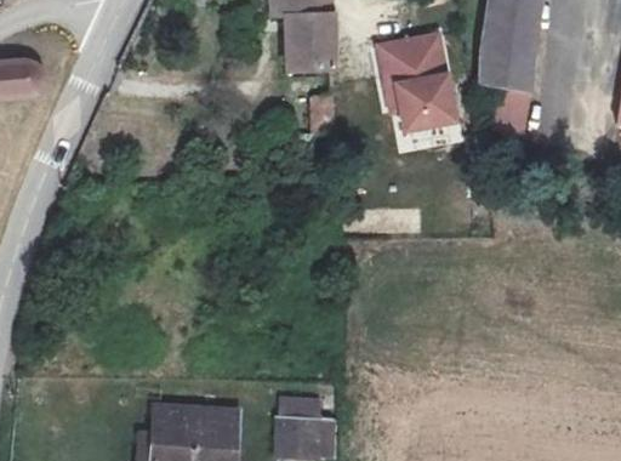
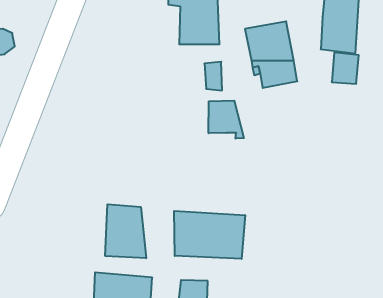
building: none -> [209,101,244,139]
building: none -> [105,204,146,258]
building: none -> [174,211,245,259]

